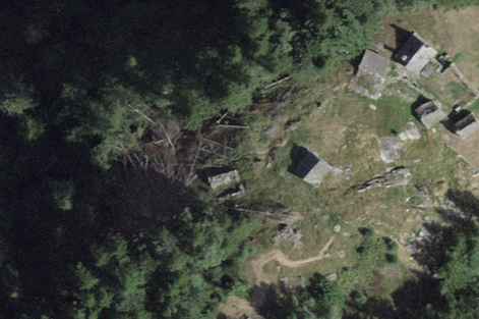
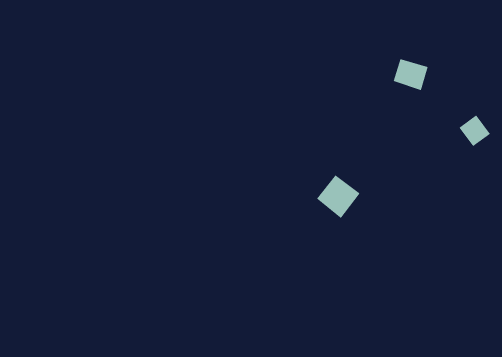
building: [395,36,434,74] -> none

